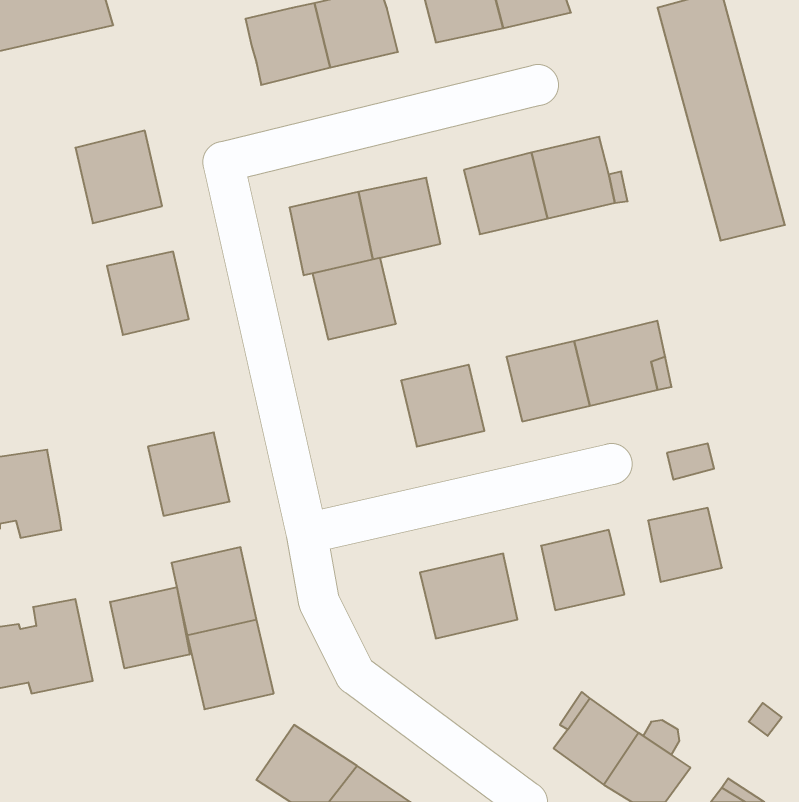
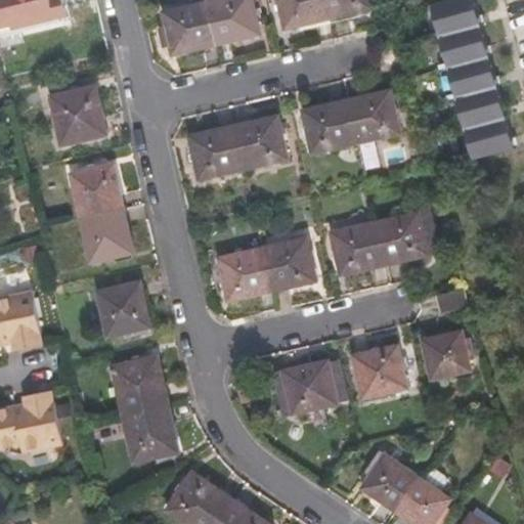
building: [313,258,396,340] -> [217,248,271,301]
building: none -> [80,208,132,262]
building: [110,587,190,668] -> none

